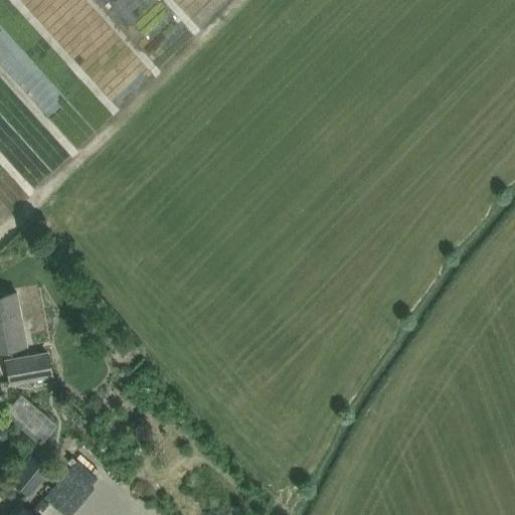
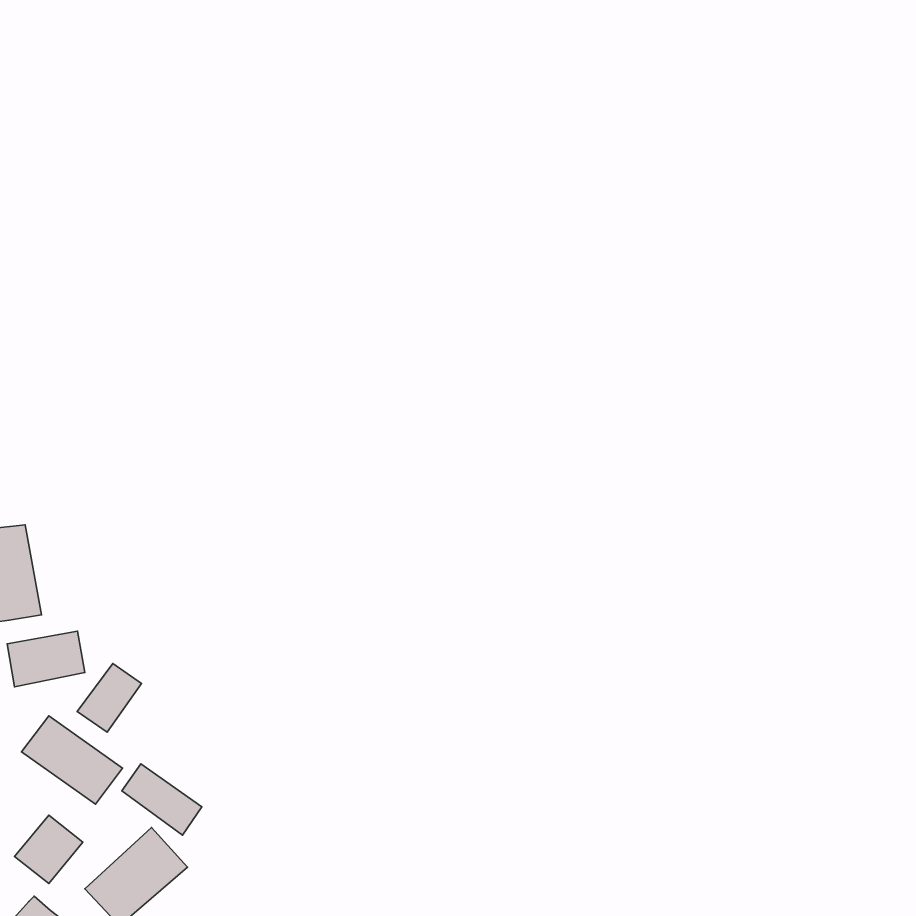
building: none -> [77,664,141,732]
building: none -> [122,764,202,835]

